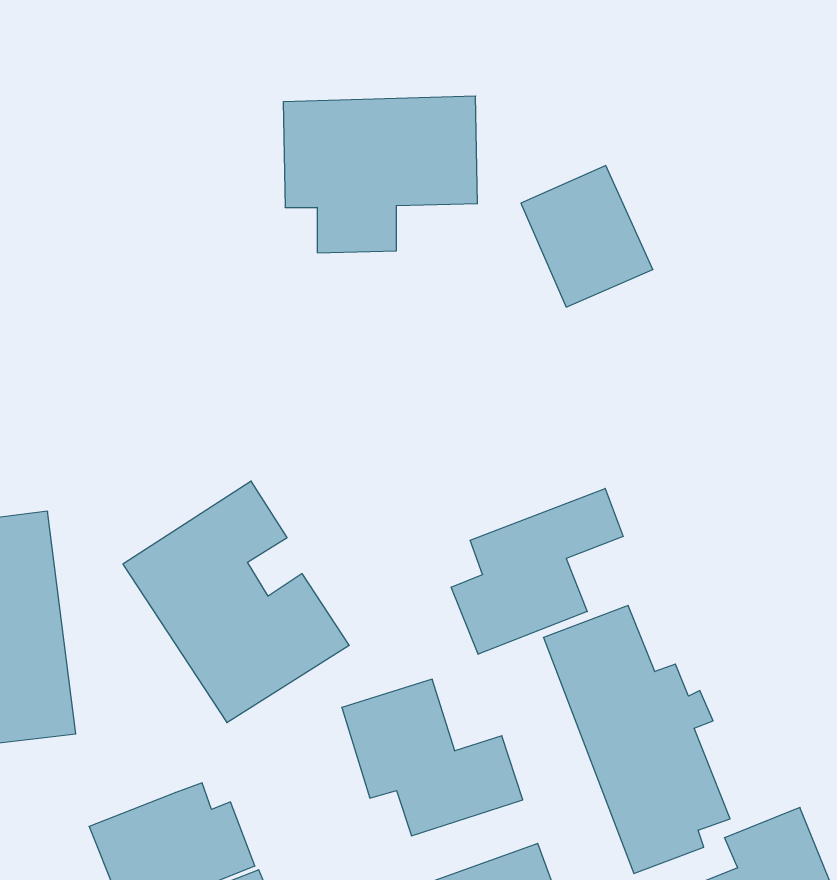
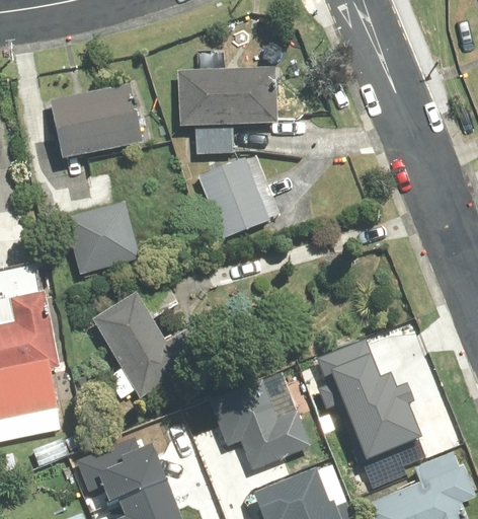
building: none -> [51,82,147,160]
building: [521,166,653,307] -> [201,158,271,234]
building: none -> [67,203,136,273]
building: [451,488,623,654] -> none

